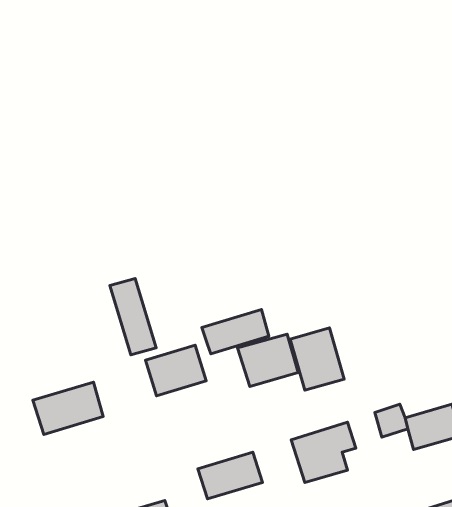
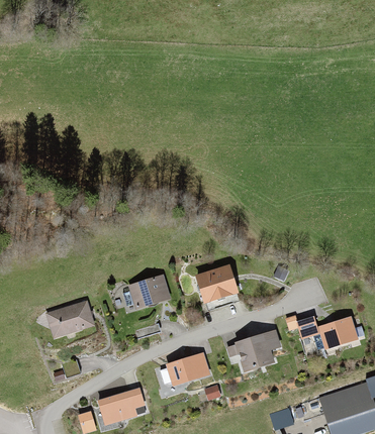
building: [110,279,156,355] -> none
building: [202,309,269,354] -> none
building: [290,328,344,390] -> none

